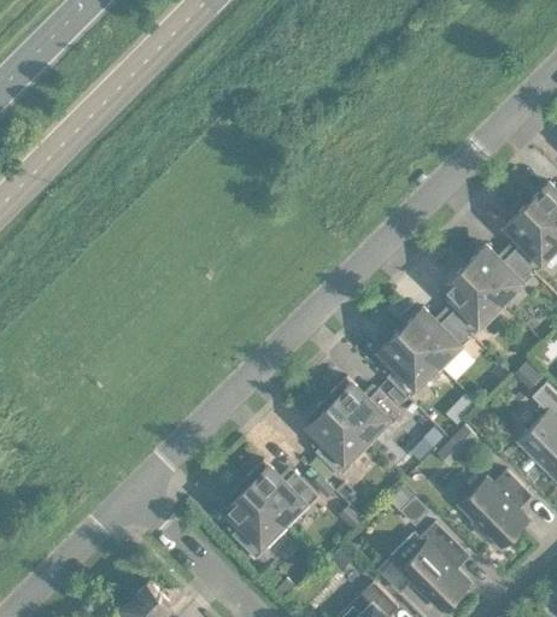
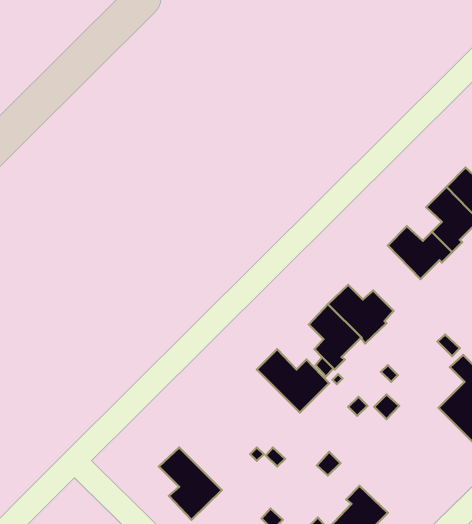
building: [444,266,506,336] -> none
building: [304,399,371,476] -> none
building: [242,460,319,528] -> none
building: [459,470,528,547] -> none

